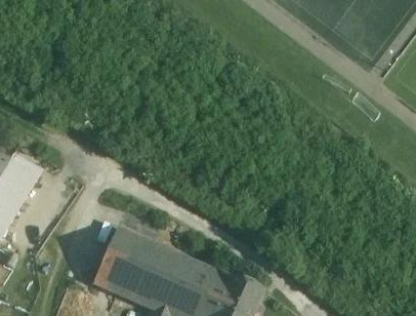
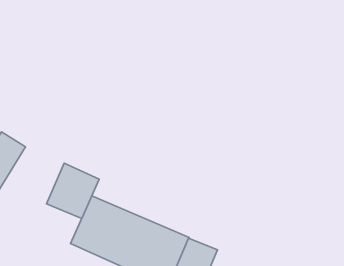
building: none -> [46,163,99,218]

